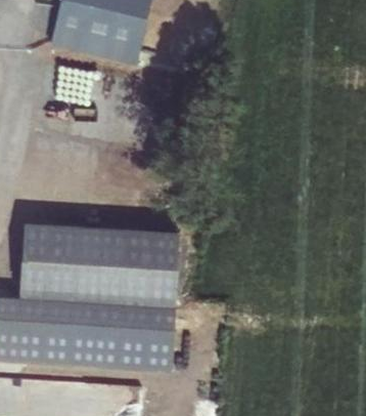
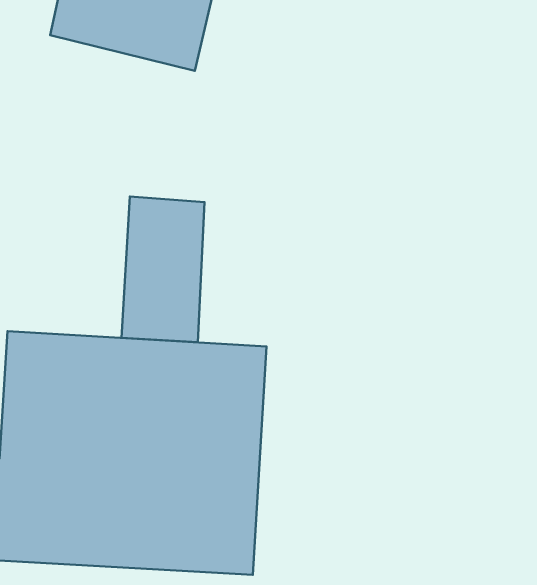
building: none -> [121,197,205,342]

